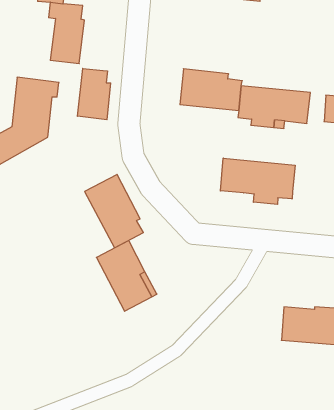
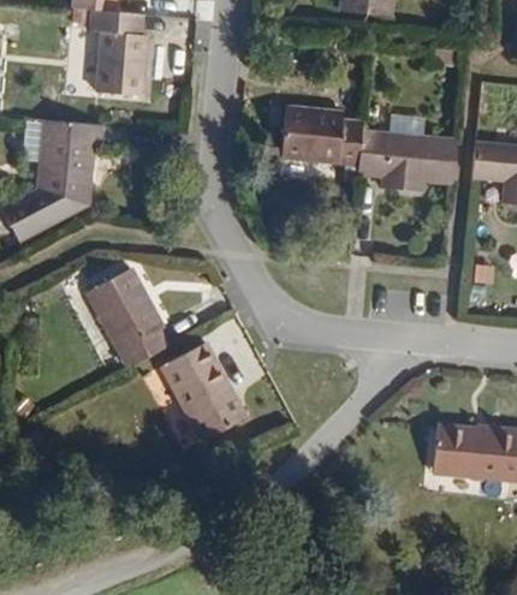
building: [77,68,111,120] -> none
building: [220,158,295,204] -> none
building: [85,174,143,248] -> [83,269,166,373]

